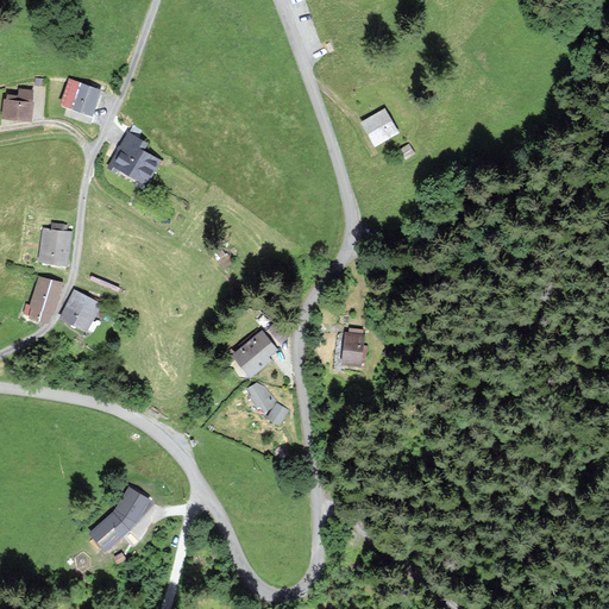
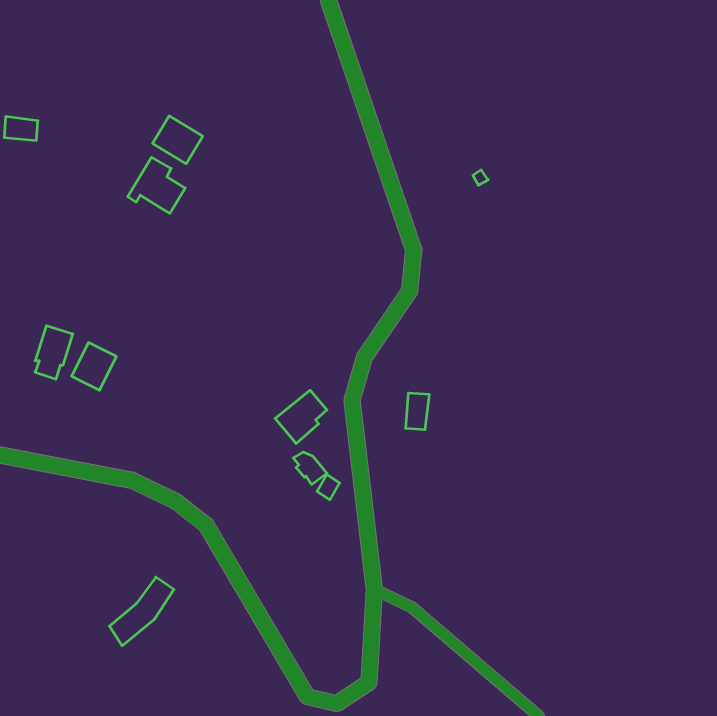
building: [63,80,101,113] -> none
building: none -> [153,116,203,164]
building: [363,109,397,144] -> none
building: [39,228,69,264] -> none

